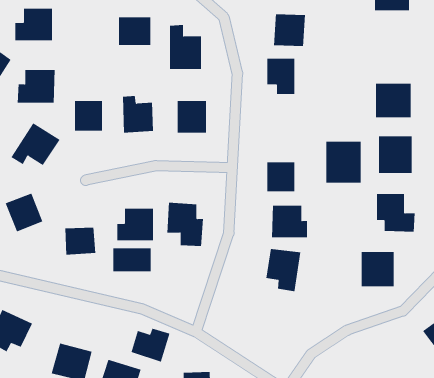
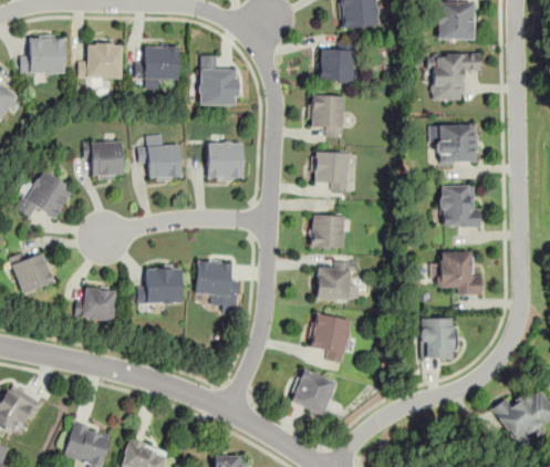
building: none -> [428,52,481,100]
building: [17,69,55,103] -> [79,42,123,81]
building: none -> [314,152,350,190]
building: [326,141,361,183] -> none
building: [113,248,151,272] -> none
building: none -> [290,369,336,416]
building: [131,328,170,362] -> none

